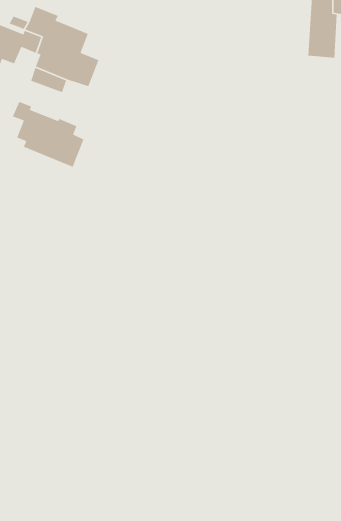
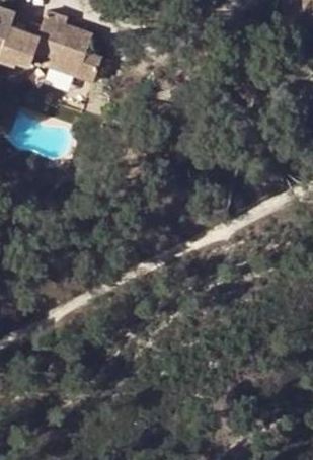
building: [12,101,84,168] -> none

